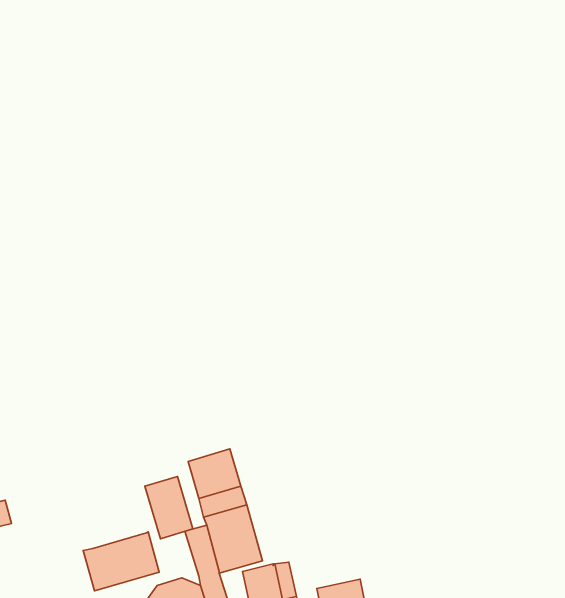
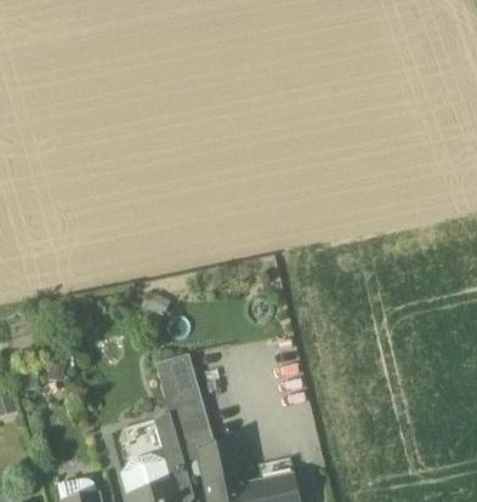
building: [145,476,193,539] -> none
building: [83,532,159,591] -> none

